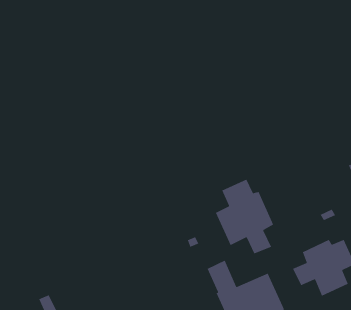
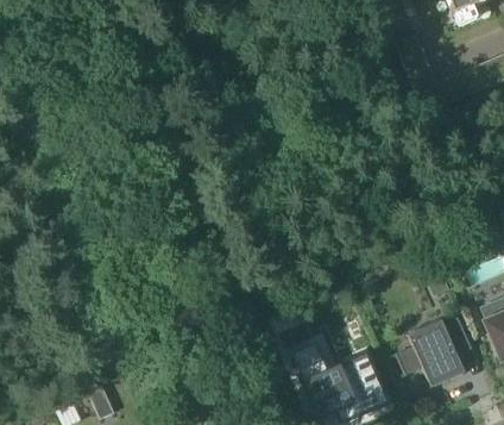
building: [215,179,274,255] -> none

